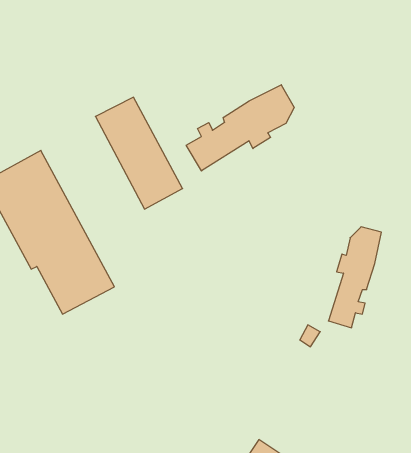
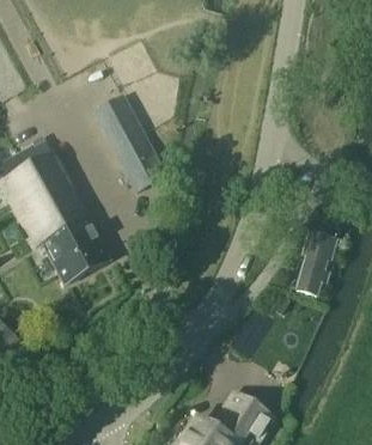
building: [186,85,294,171] -> none

